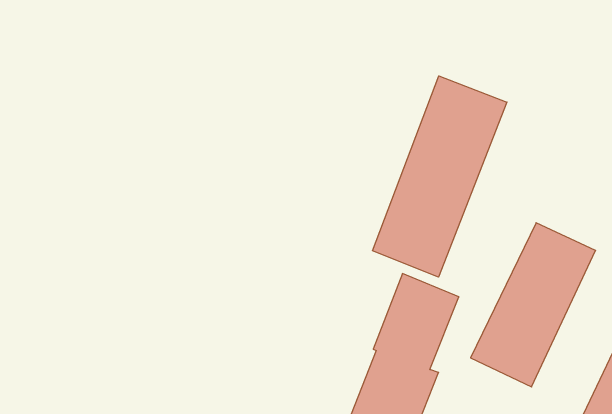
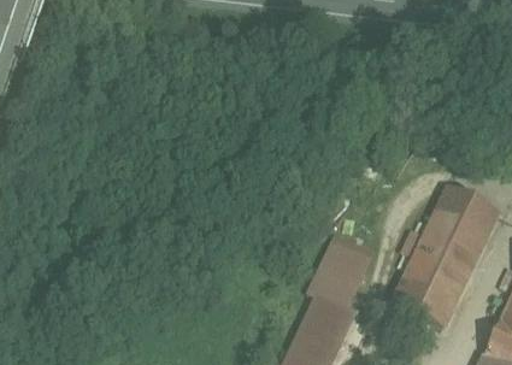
building: [373,76,507,277] -> none

